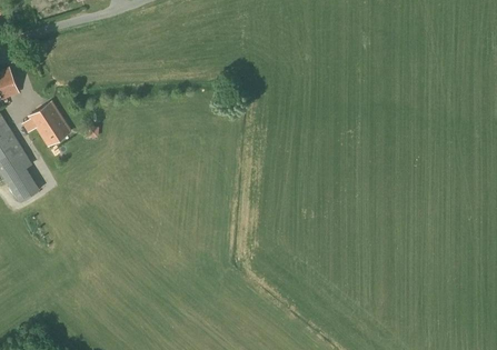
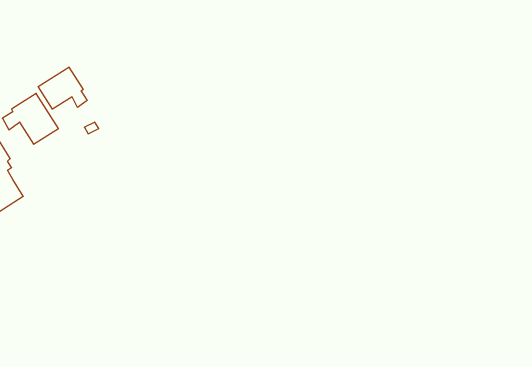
building: none -> [38,67,87,109]

